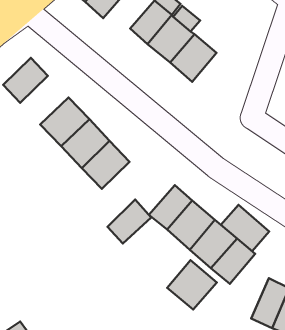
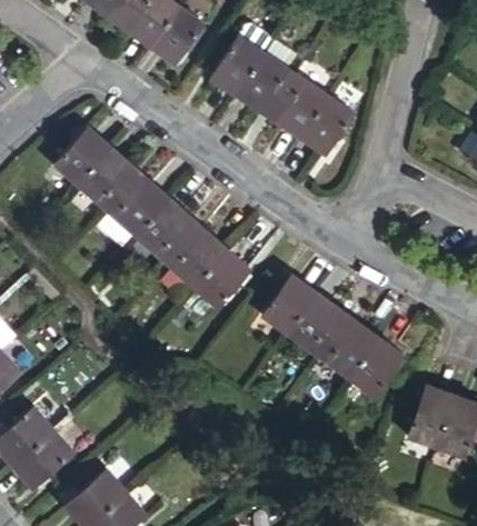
building: none -> [299,96,352,155]
building: none -> [78,148,140,212]
building: [107,200,151,244] -> [196,249,251,308]
building: [221,205,269,251] -> none
building: [167,260,217,309] -> none

